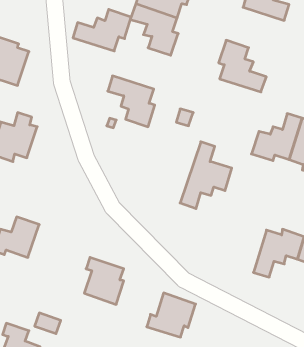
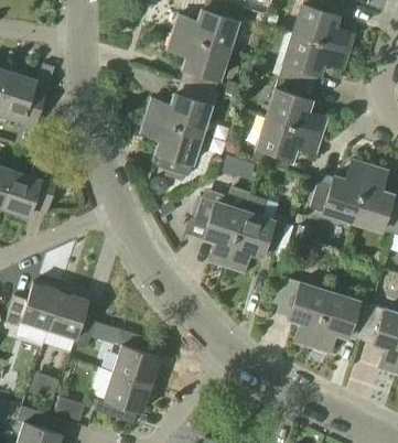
building: none -> [279,36,347,84]
building: [73,9,131,51] -> [146,84,214,132]
building: none -> [251,120,320,169]
building: none -> [193,186,249,266]
building: none -> [269,275,326,347]
building: none -> [46,291,100,349]
building: [147,293,196,337] -> [93,371,150,423]

